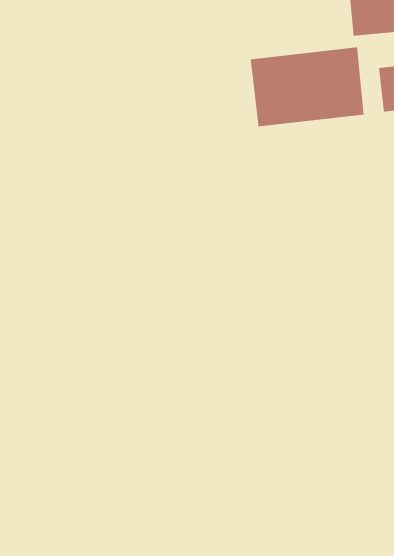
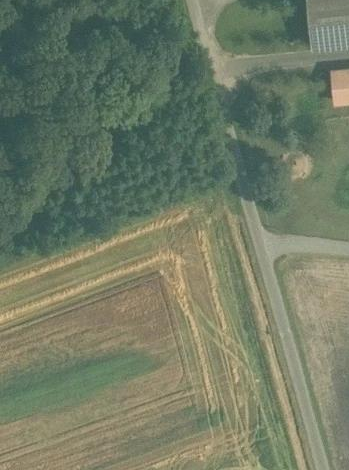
building: [250,47,364,127] -> none

